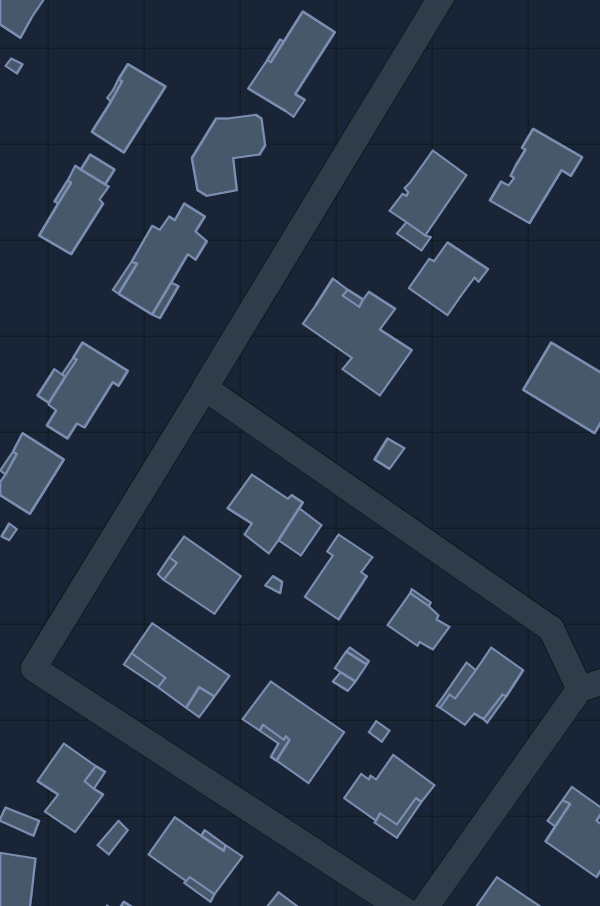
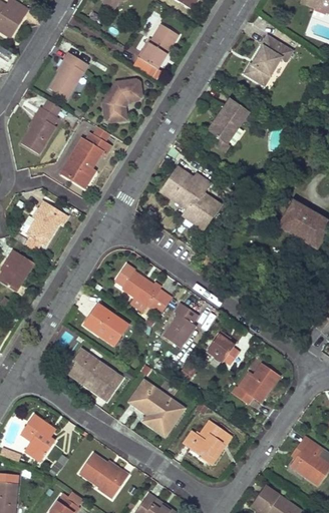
building: [490,129,582,223] -> [244,35,293,85]
building: [409,242,488,315] -> none

